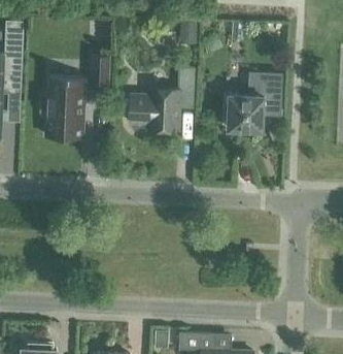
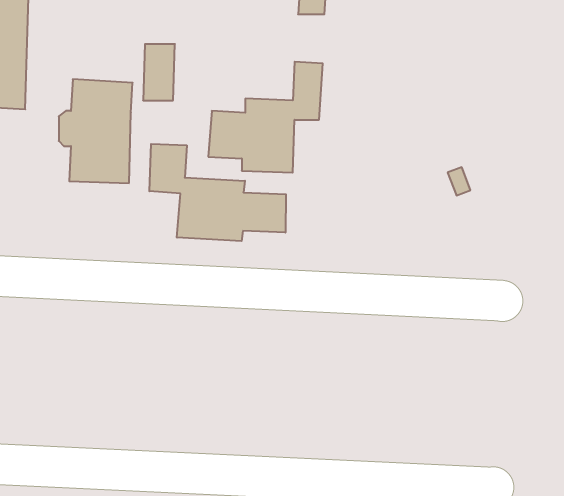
building: [228,73,281,134] -> none
building: none -> [149,144,286,241]

